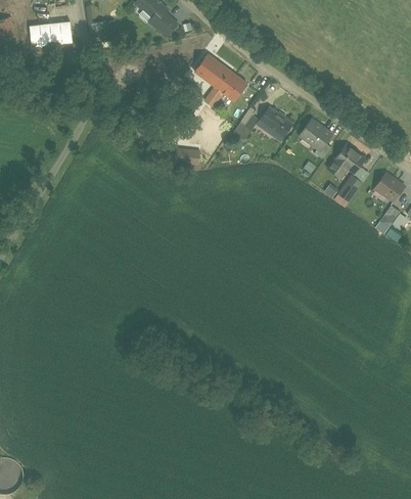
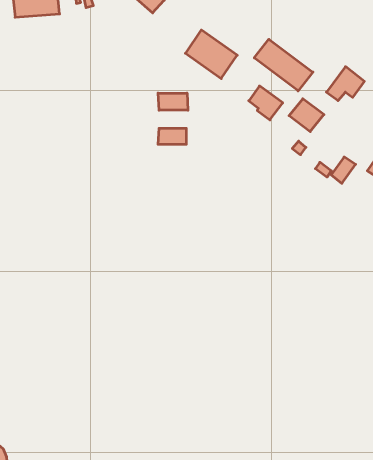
building: none -> [254,39,313,91]
building: none -> [158,93,188,110]
building: [327,145,364,178] -> [326,67,364,101]

